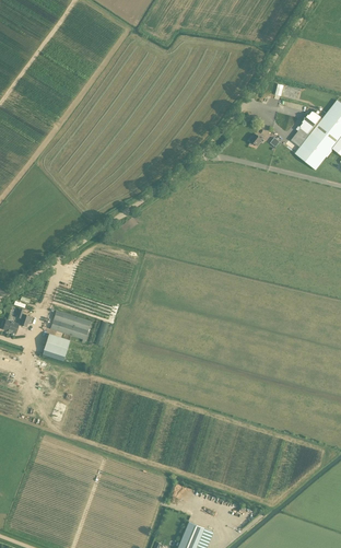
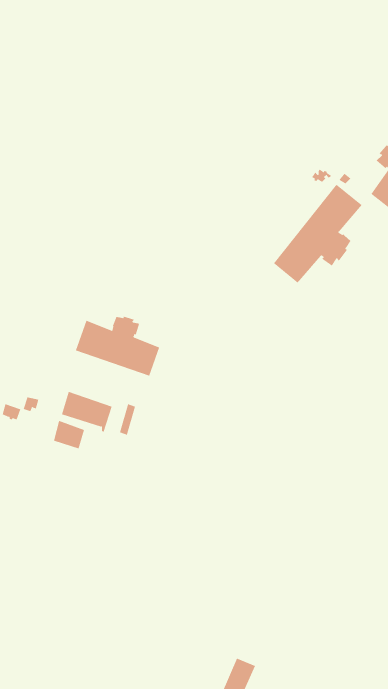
building: none -> [273,184,363,283]
building: none -> [75,316,160,377]

